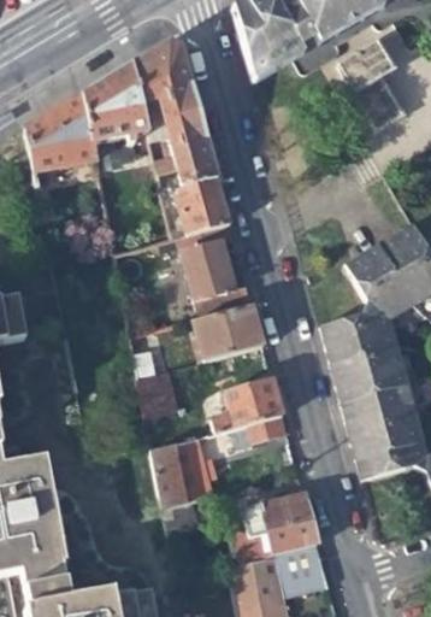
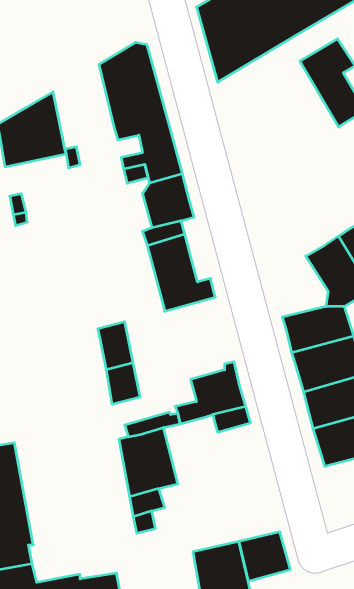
building: [87,70,149,147] -> none
building: [195,308,265,366] -> none
building: [244,503,318,557] -> none

